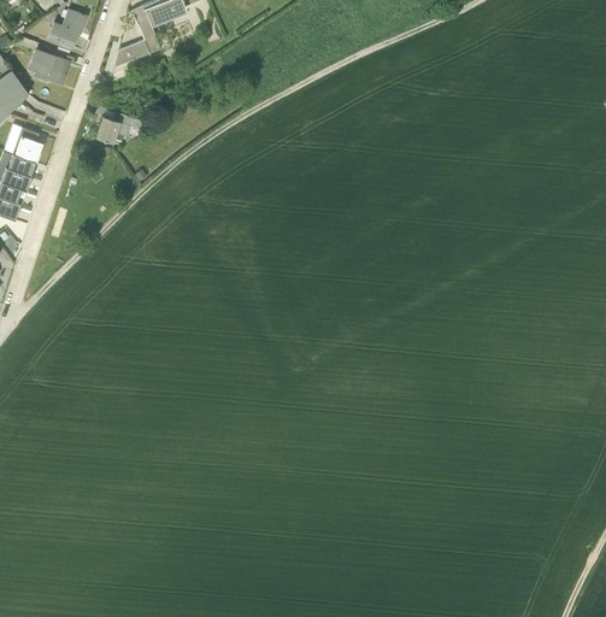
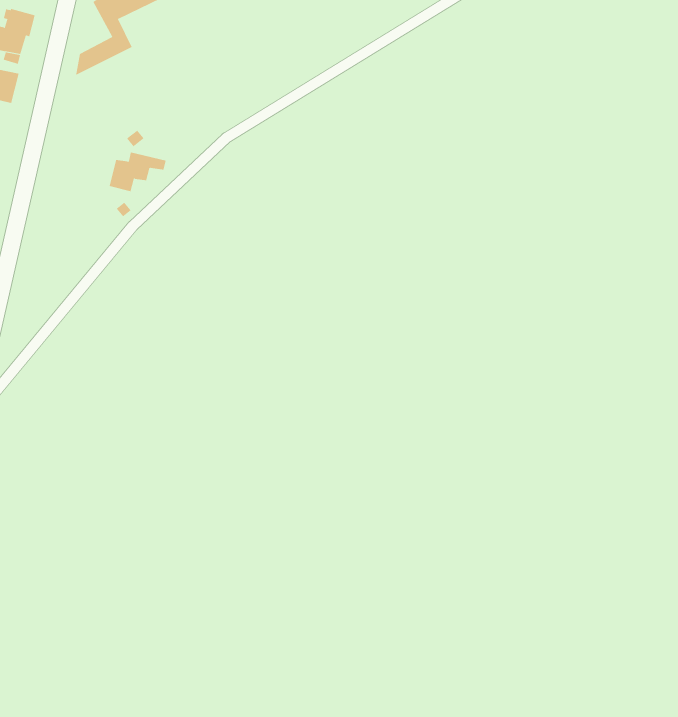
building: [95,112,142,143] -> [109,152,166,192]

